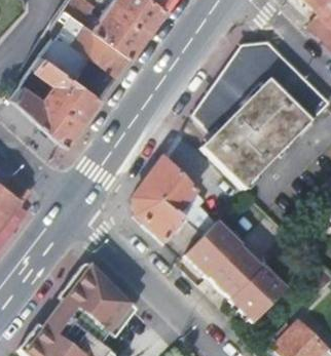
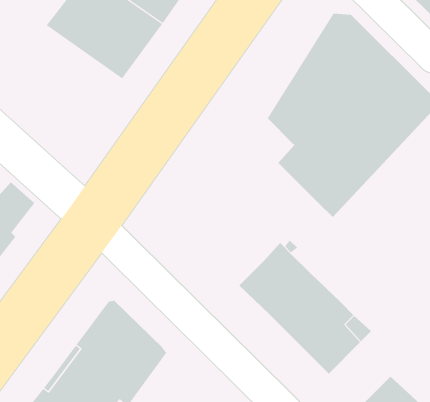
building: [6,55,96,145] -> none
building: [132,155,216,258] -> none

